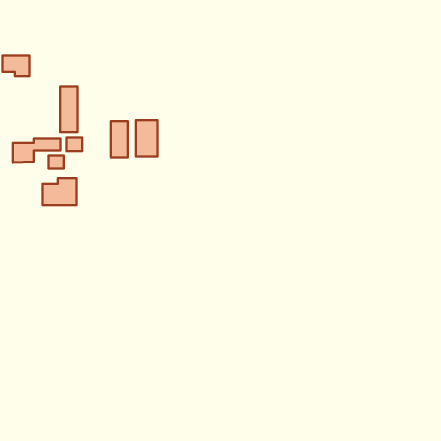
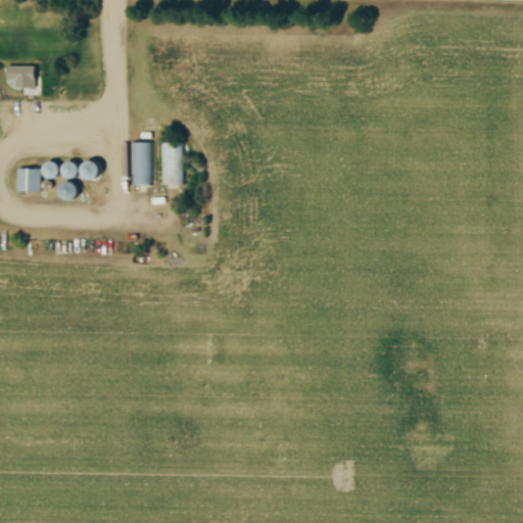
building: [60,86,77,132] -> none
building: [43,178,77,205] -> none

